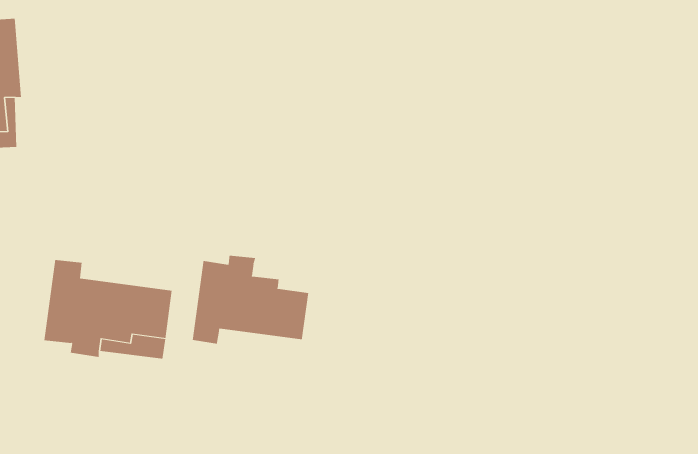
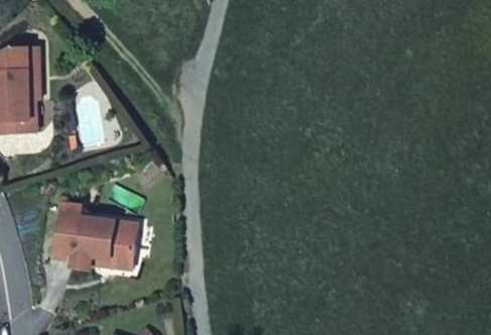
building: [192,255,309,345] -> none

